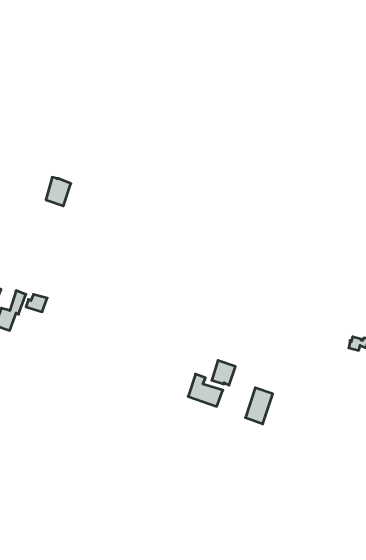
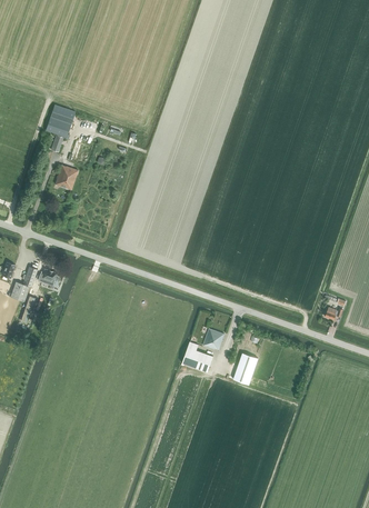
building: none -> [44,104,74,152]

